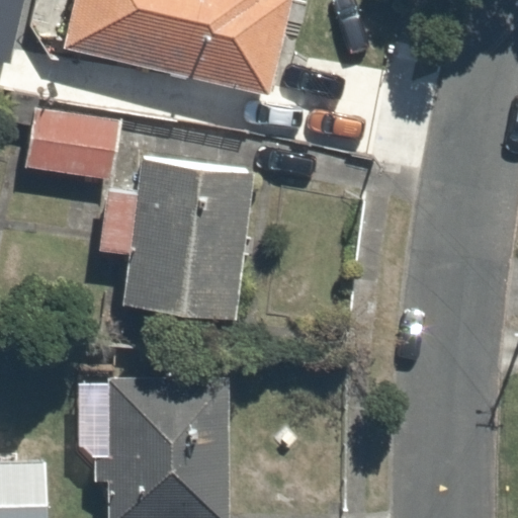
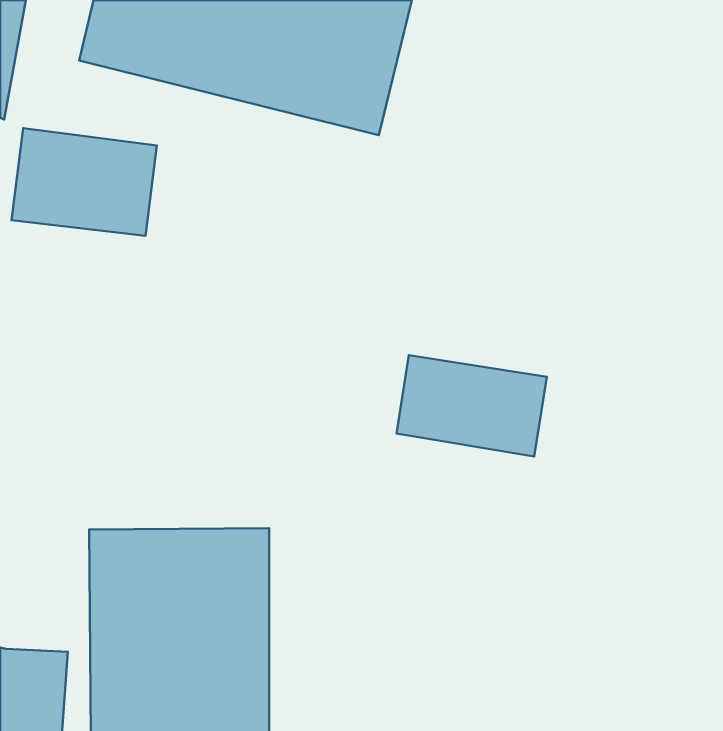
building: [123,152,250,331] -> none
building: none -> [396,355,547,456]

